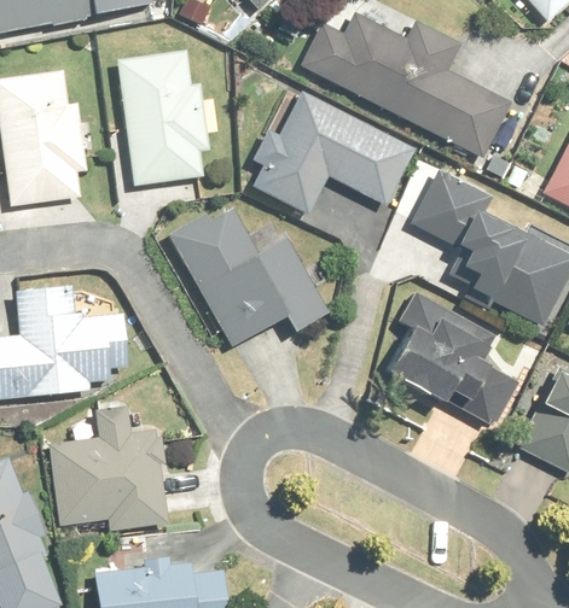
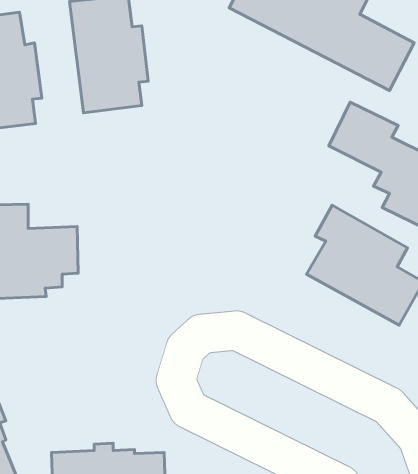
building: [254,89,417,212] -> none
building: [169,209,329,347] -> none
building: [53,409,167,531] -> none

